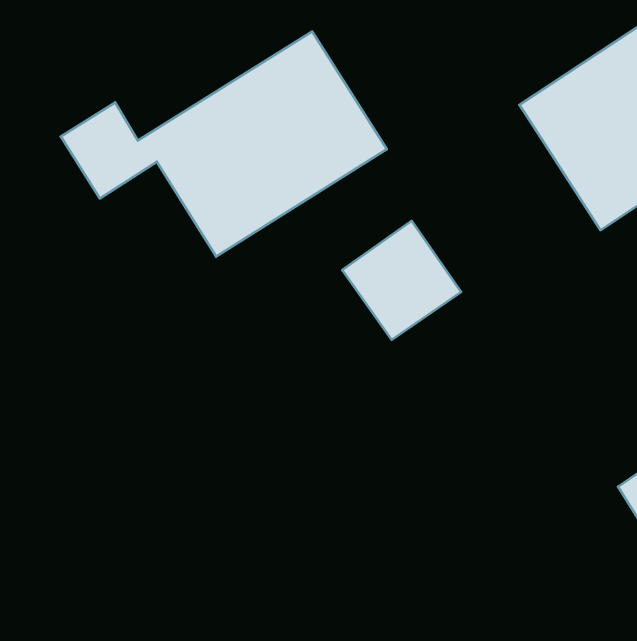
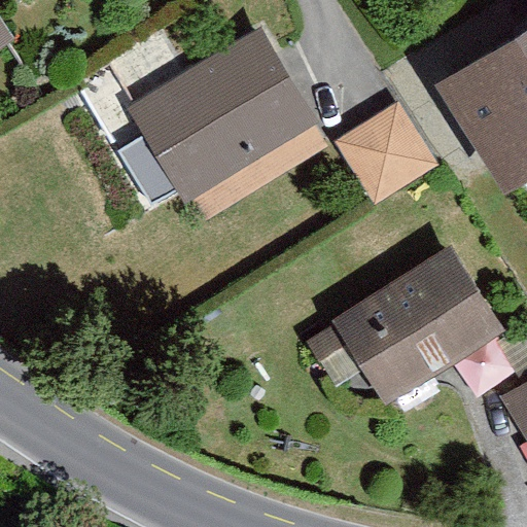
building: [342,221,461,340] -> [342,105,438,202]
building: none -> [307,247,503,406]

